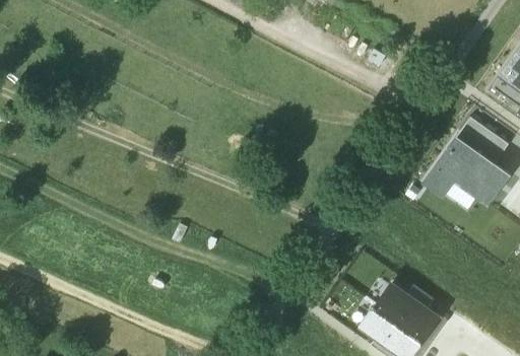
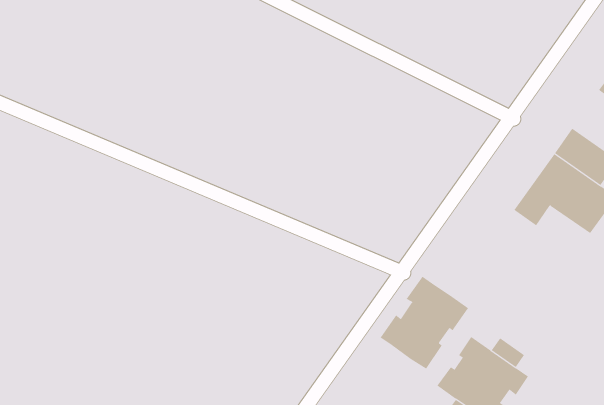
building: none -> [380,276,469,370]

